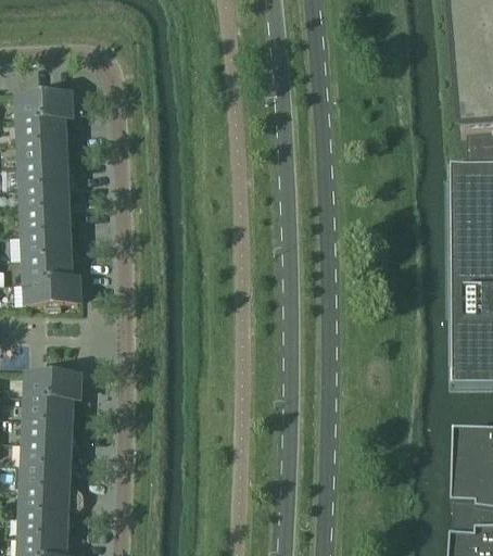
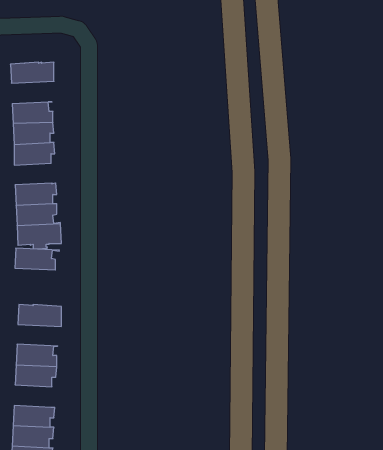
building: [20,114,69,140] -> none
building: [23,208,71,233] -> none
building: [26,394,77,419] -> [15,248,59,270]
building: [23,464,71,490] -> none

